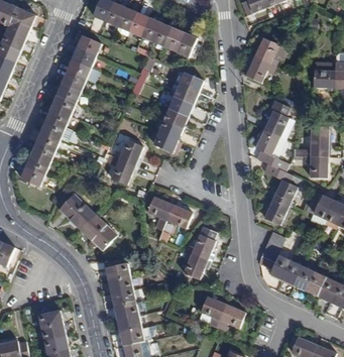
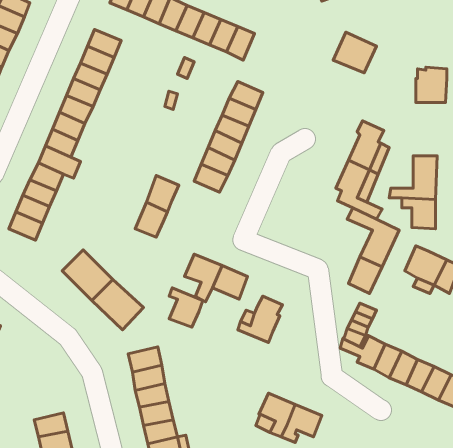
building: [245,56,275,82] -> none
building: [183,250,207,278] -> [169,288,203,327]

